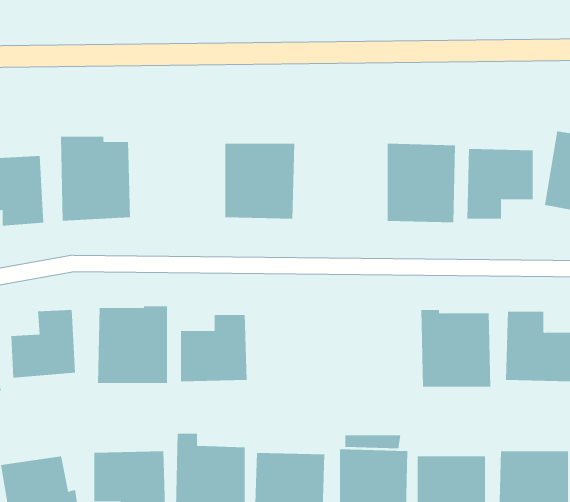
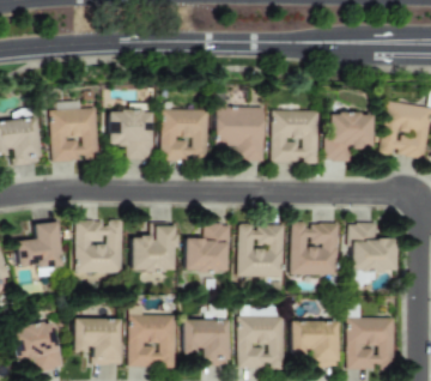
building: none -> [215,105,265,161]
building: none -> [108,110,153,159]
building: none -> [186,223,231,271]
building: none -> [241,224,289,277]

